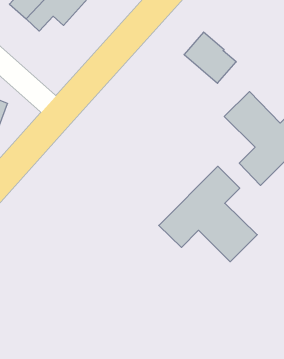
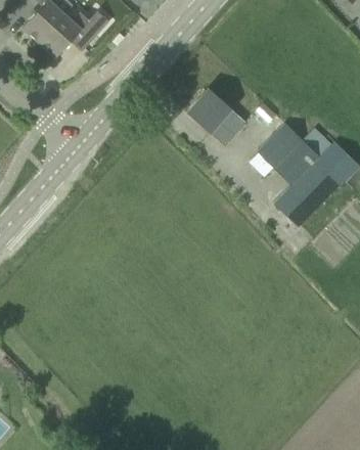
building: [184,32,236,83] -> [186,88,243,144]
building: [159,166,257,262] -> none

